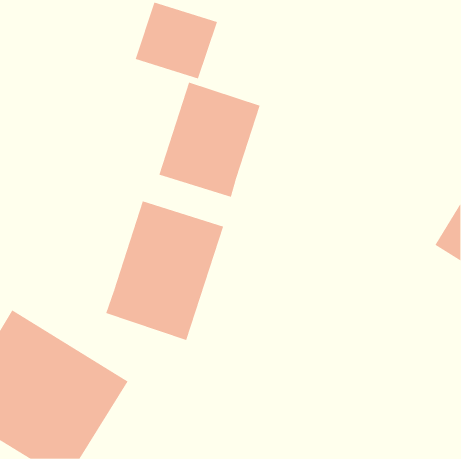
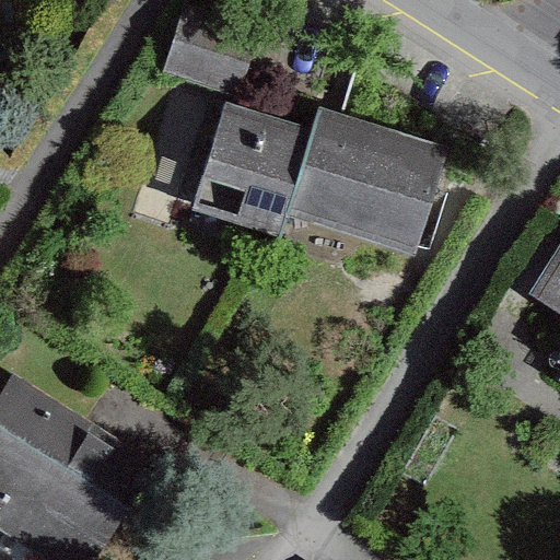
building: none -> [284,105,451,256]
building: [105,200,224,341] -> none

